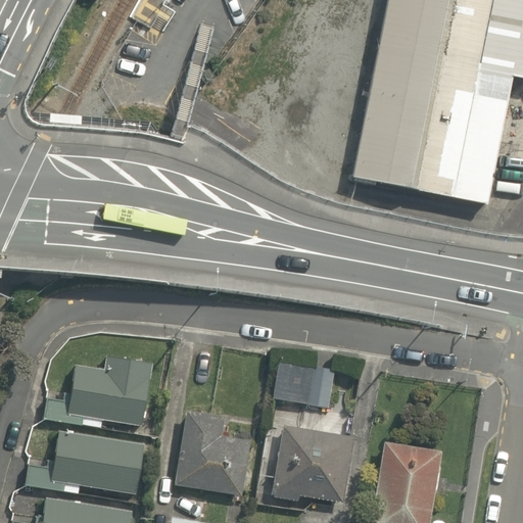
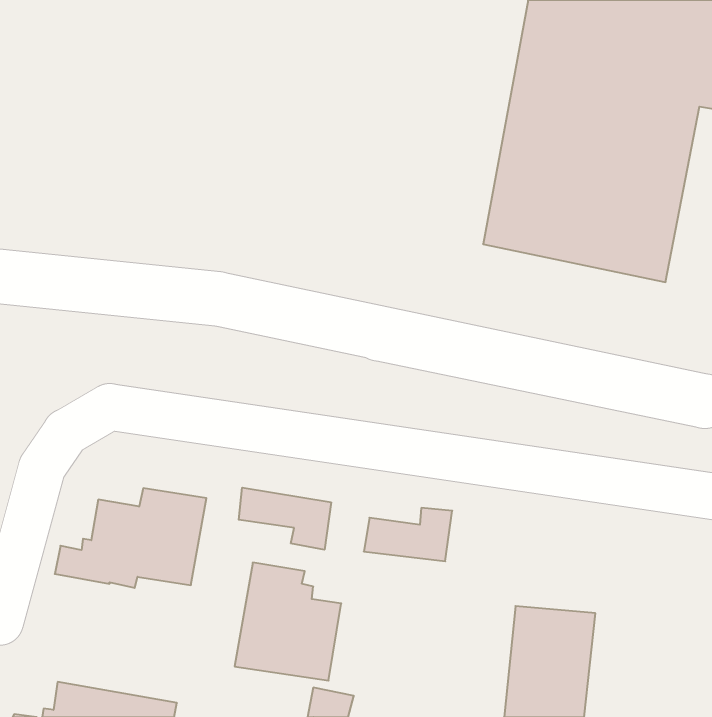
building: none -> [239,488,331,550]
building: [273,424,354,503] -> none
building: [27,430,146,494] -> none

